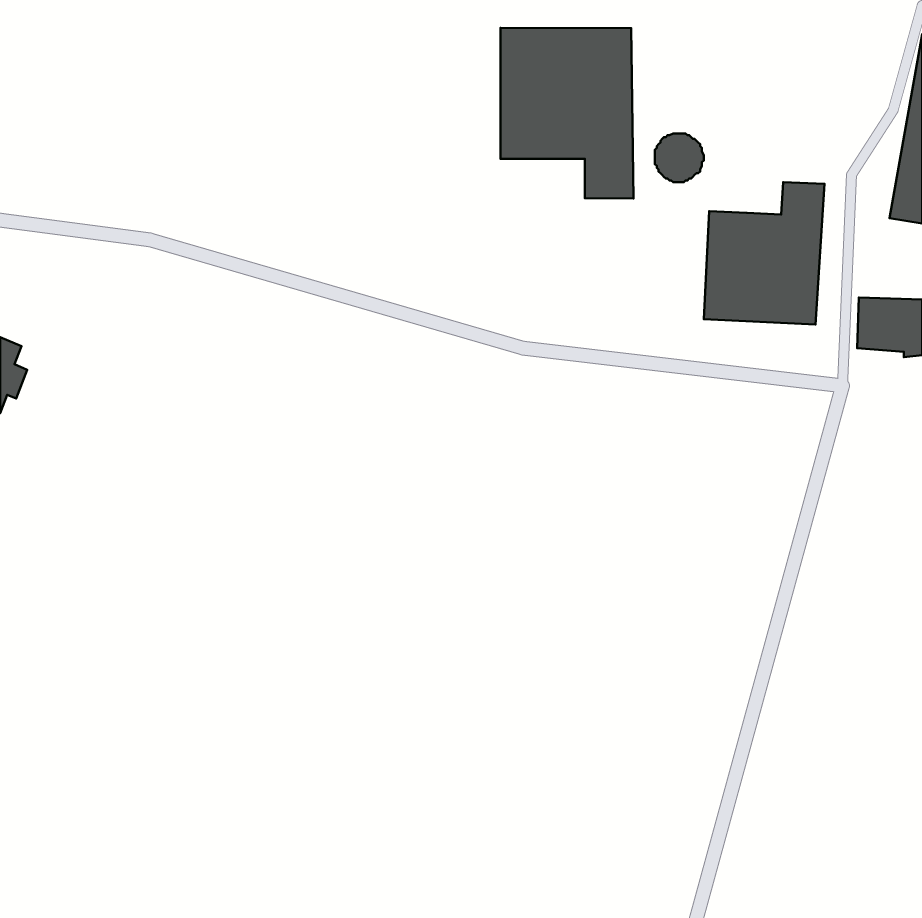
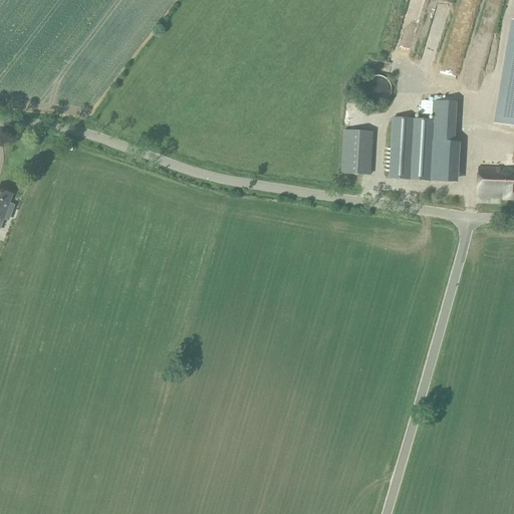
building: [501,28,633,198] -> none
building: none -> [342,130,372,173]

